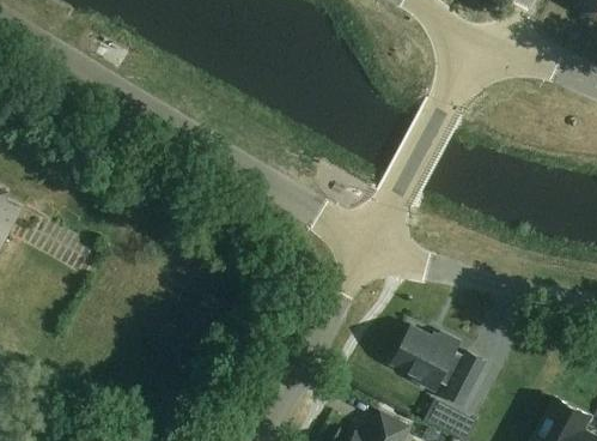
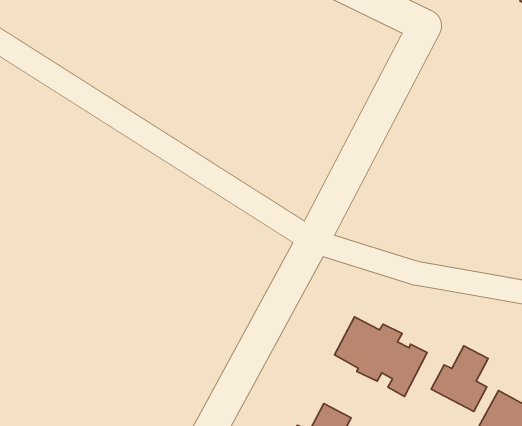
building: none -> [431,346,488,411]

